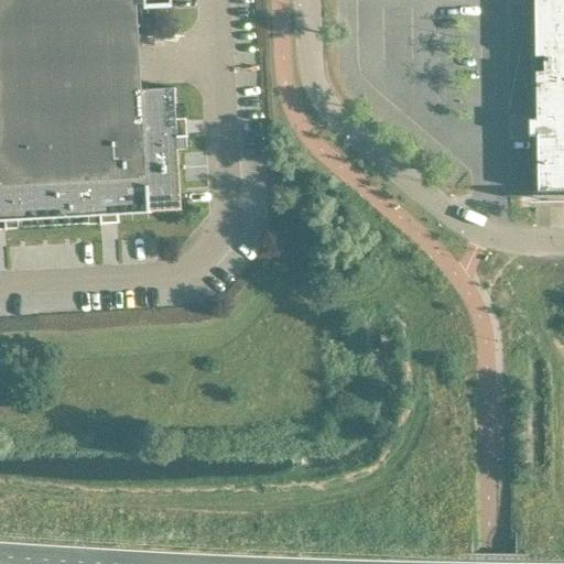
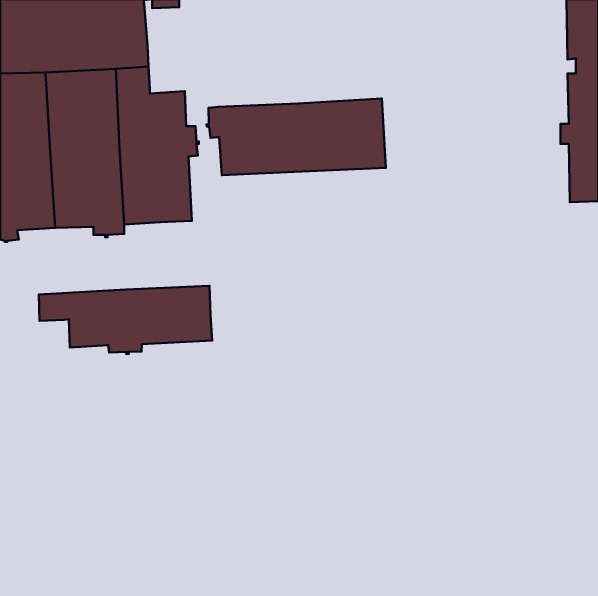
building: none -> [207,98,386,175]
building: none -> [39,286,212,354]

